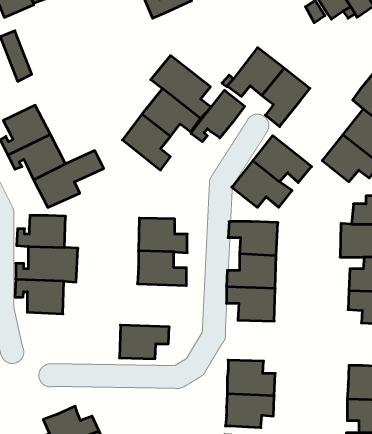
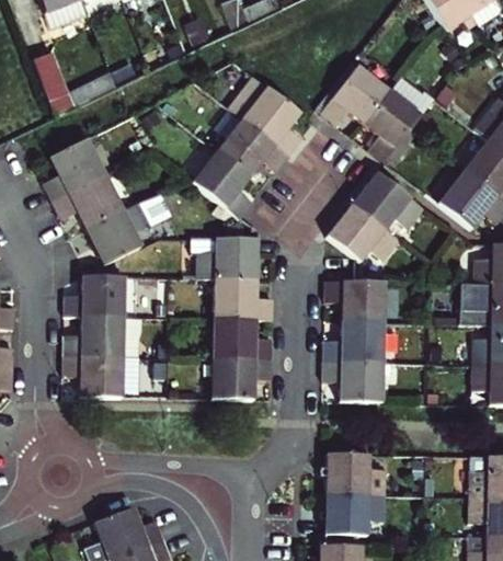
building: [191,90,245,142] -> none
building: none -> [195,236,260,277]
building: [119,325,169,359] -> [212,357,273,399]

